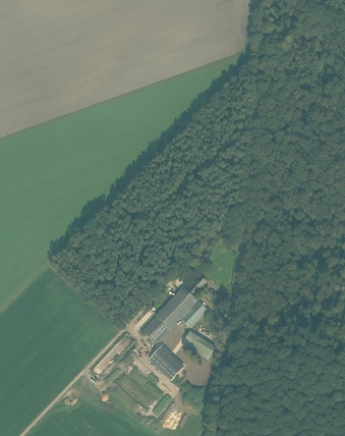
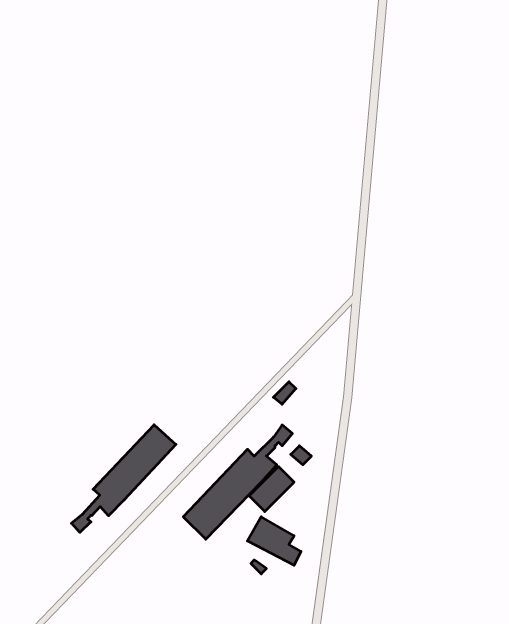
building: none -> [71,425,176,532]
building: [149,344,183,378] -> none

